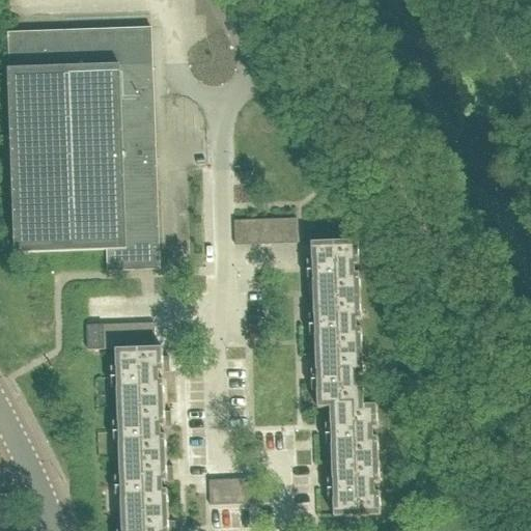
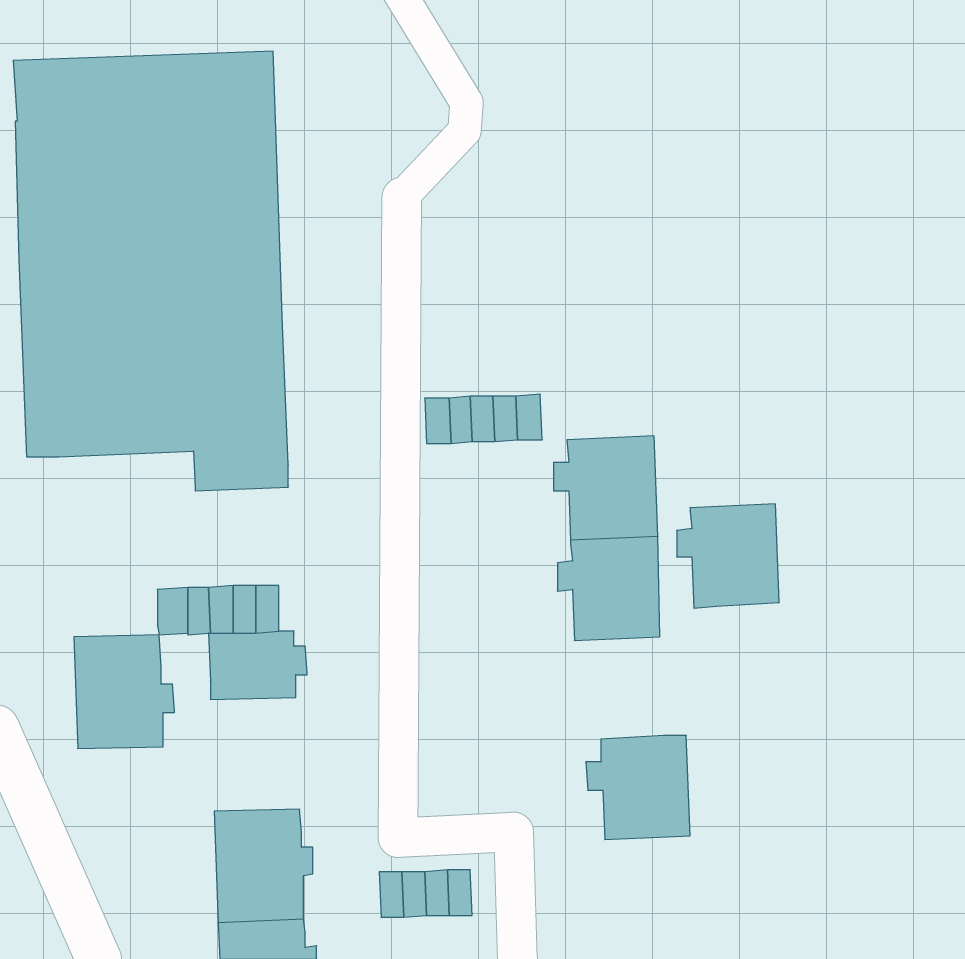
building: [307,348,363,406] -> [677,504,779,608]
building: [115,382,170,444] -> [74,635,174,749]
building: [323,457,380,514] -> none

